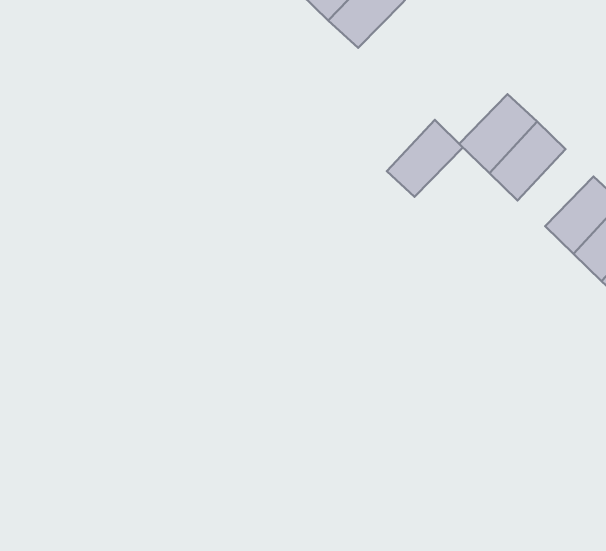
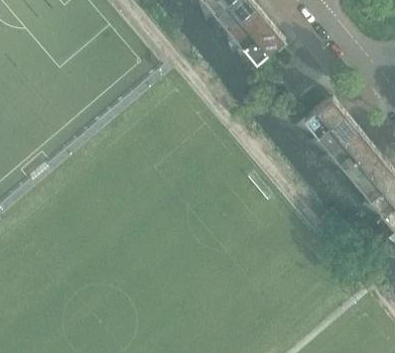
building: [387,120,463,197] -> [331,131,372,170]

